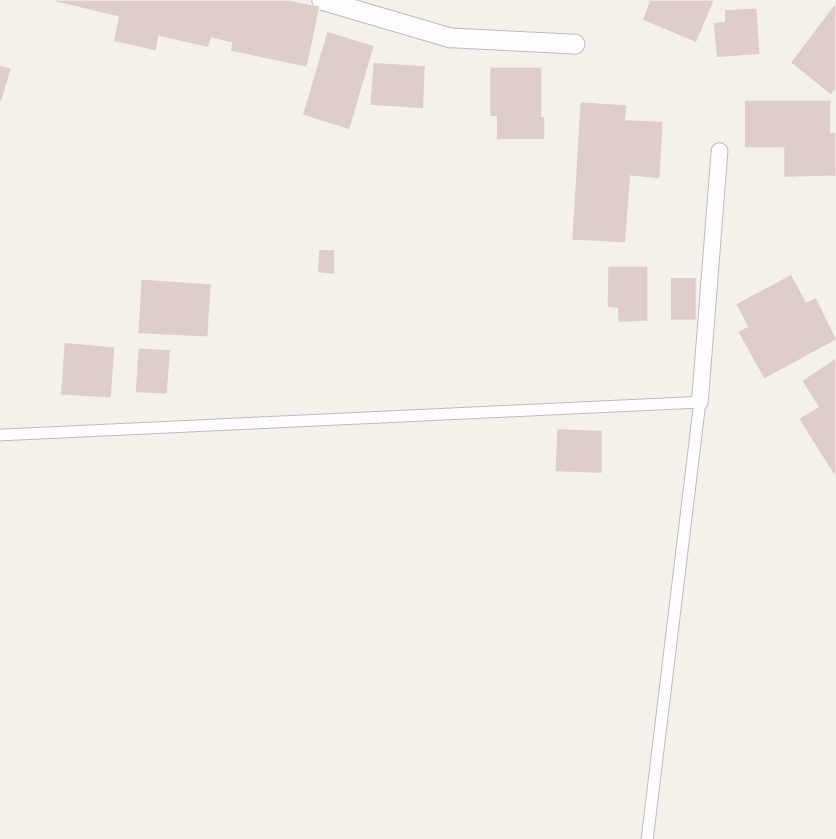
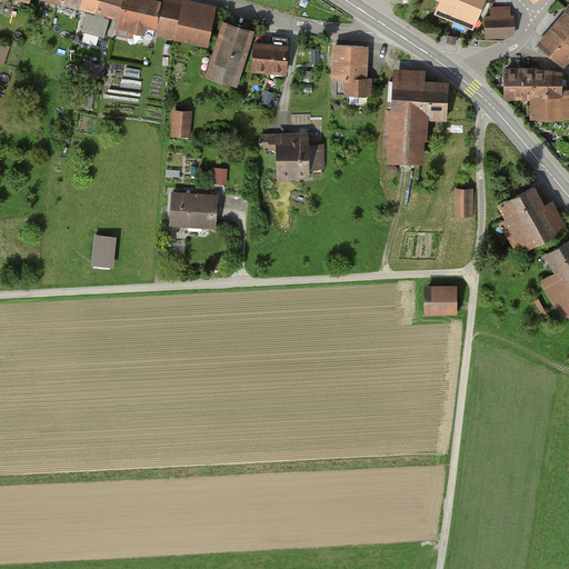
building: none -> [170,110,191,138]
building: none -> [259,130,323,180]
building: [607,266,648,322] -> none
building: [138,279,212,337] -> [168,190,218,229]
building: [60,342,115,398] -> none
building: [555,429,602,473] -> [425,287,457,317]

